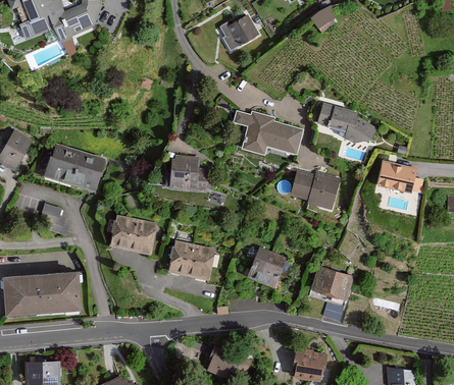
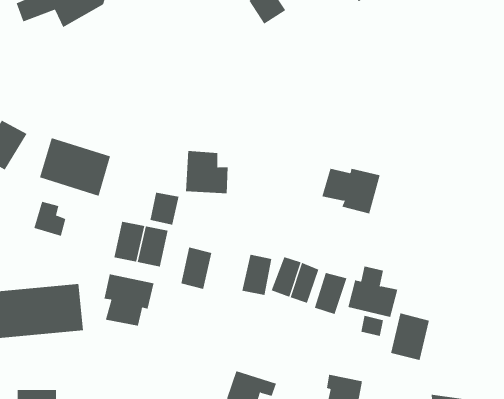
building: [318,102,380,144] -> none
building: [234,110,304,156] -> none
building: [376,157,416,188] -> none
building: none -> [150,192,179,225]
building: [188,243,214,279] -> [242,254,272,295]
building: none -> [314,272,347,315]
building: none -> [104,274,154,326]
building: none -> [391,312,429,361]

